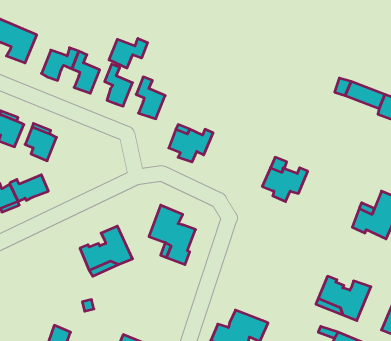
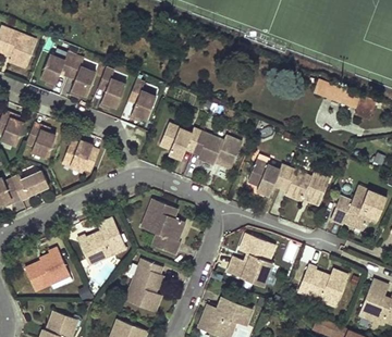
building: [109,38,148,68] -> none
building: none -> [193,132,242,169]
building: none -> [64,140,99,171]
building: none -> [281,167,330,205]
building: none -> [228,233,275,286]
building: none -> [25,248,69,291]
building: none -> [125,259,163,312]

